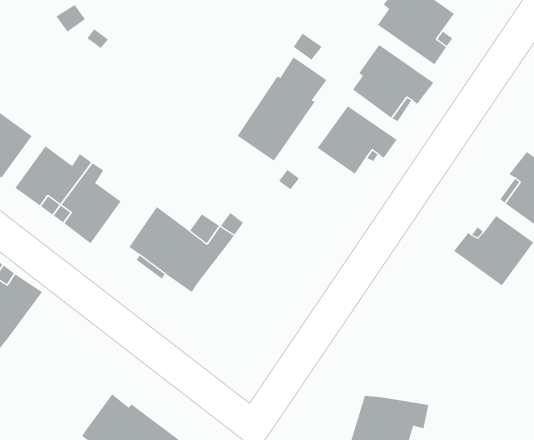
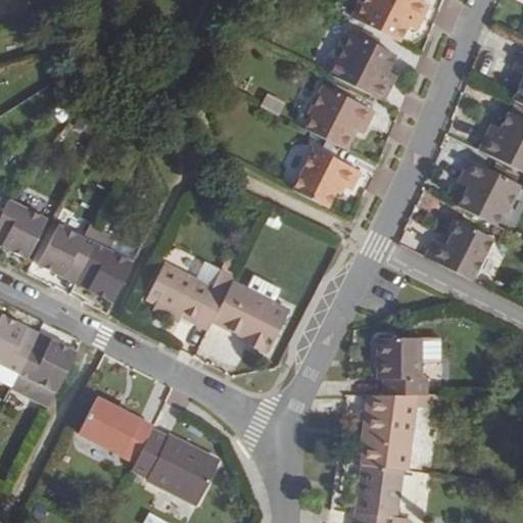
building: [237,57,327,162] -> none
building: none -> [210,279,290,353]
building: none -> [376,336,440,393]
building: none -> [78,394,153,463]

